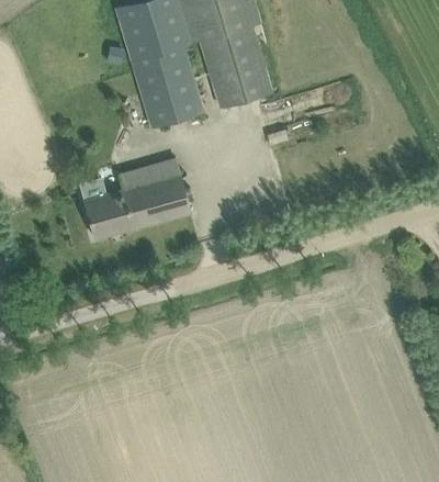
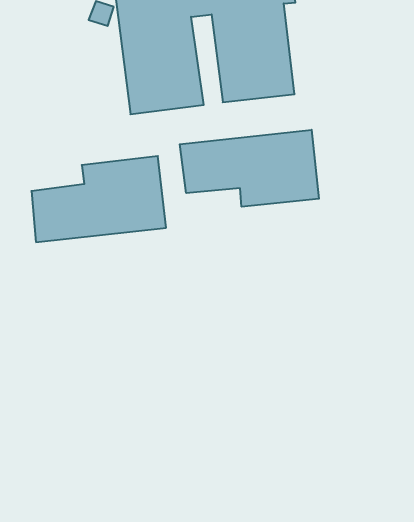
building: none -> [180,130,319,207]

